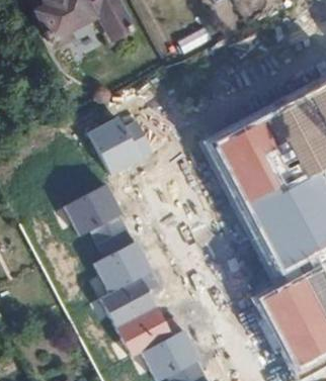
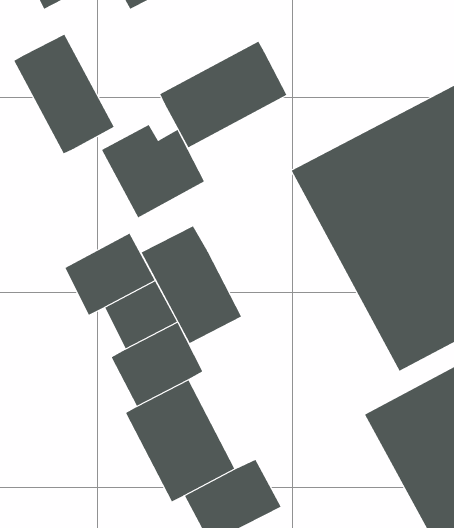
building: none -> [13,34,114,154]
building: none -> [160,41,287,148]
building: none -> [141,225,242,344]

